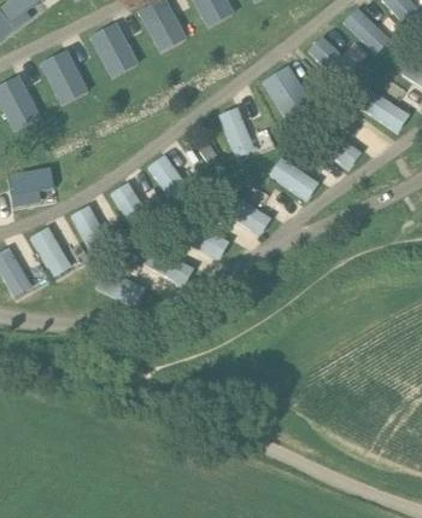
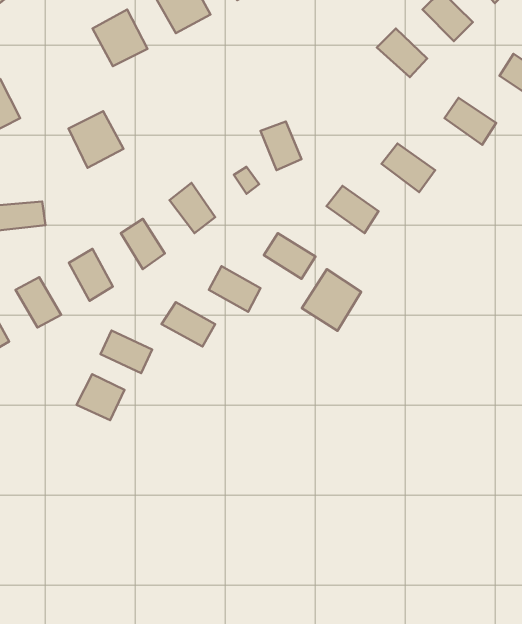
building: [42,52,84,95] -> [69,111,124,168]
building: [264,68,307,112] -> none
building: none -> [302,269,361,331]
building: none -> [77,374,124,420]

